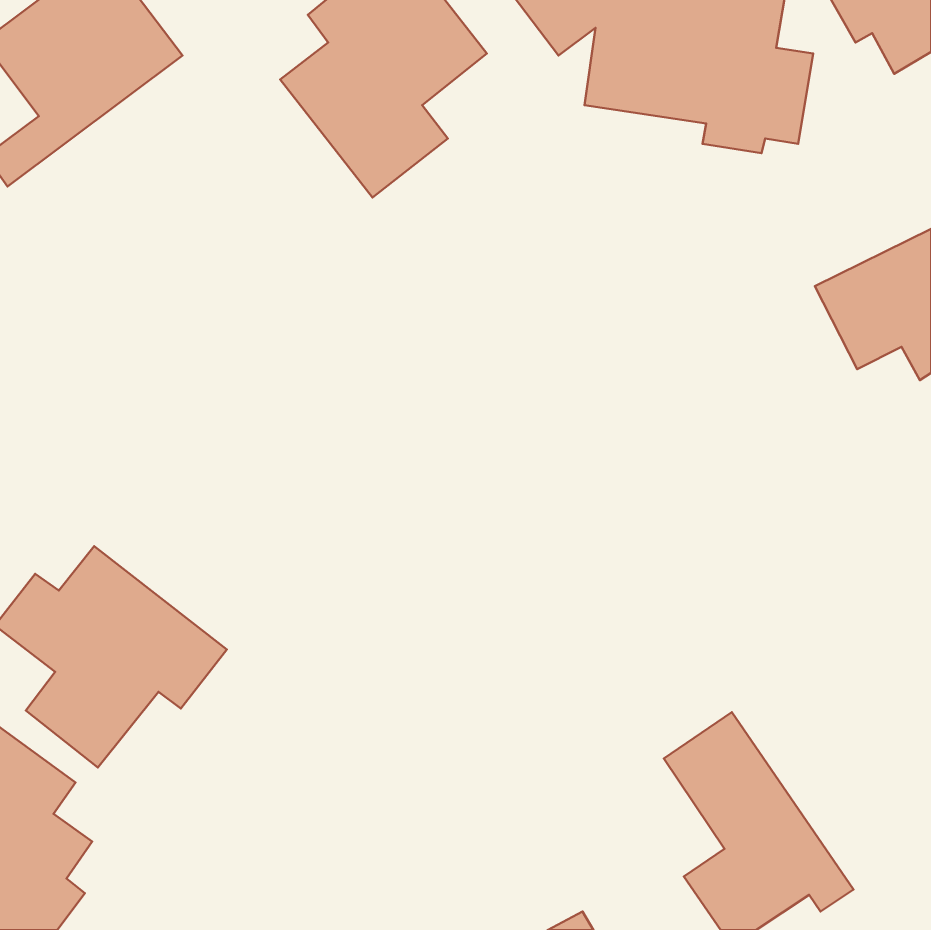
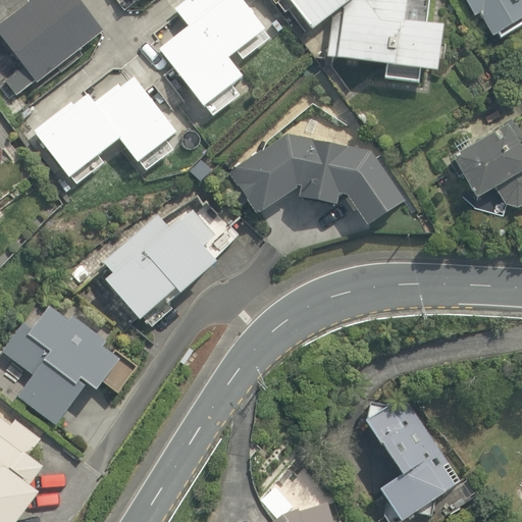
building: none -> [28,67,178,179]
building: none -> [226,128,405,228]
building: none -> [104,200,228,326]

